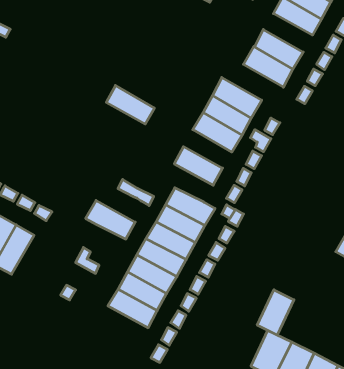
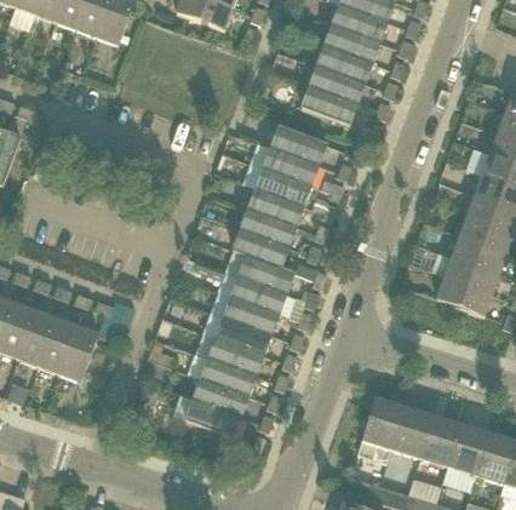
building: none -> [315,45,371,82]
building: [106,85,154,124] -> [247,188,302,225]
building: [86,200,135,239] -> [231,229,287,267]
building: [257,290,294,335] -> none
building: none -> [184,399,240,437]

